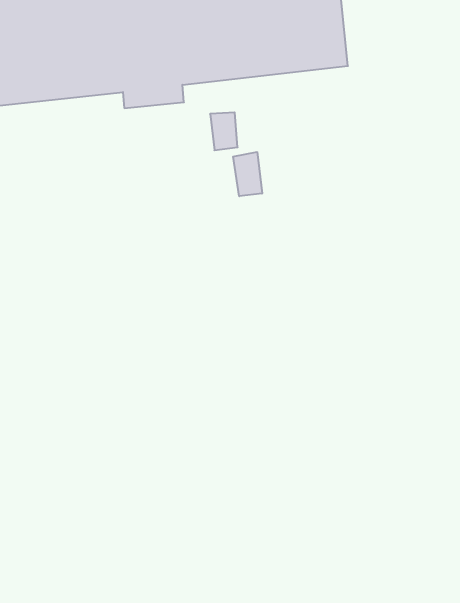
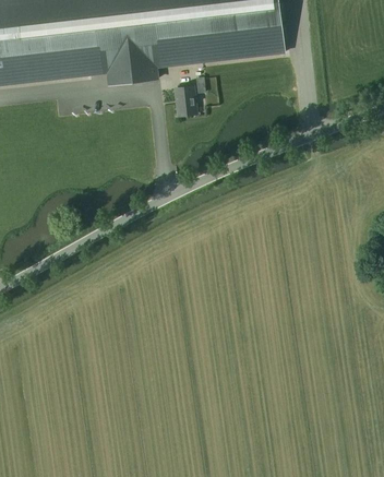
building: [233,152,262,196] -> none

